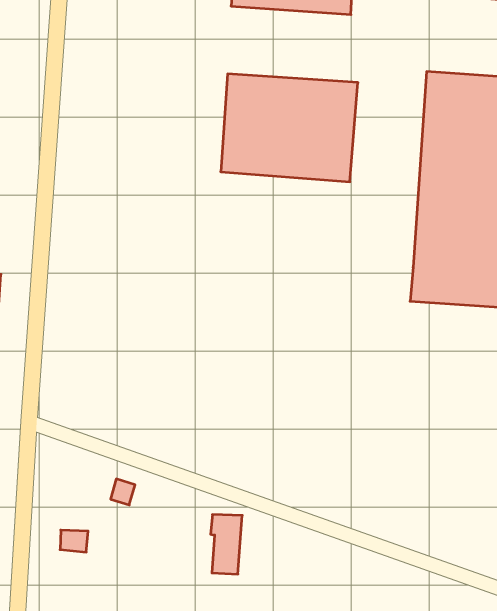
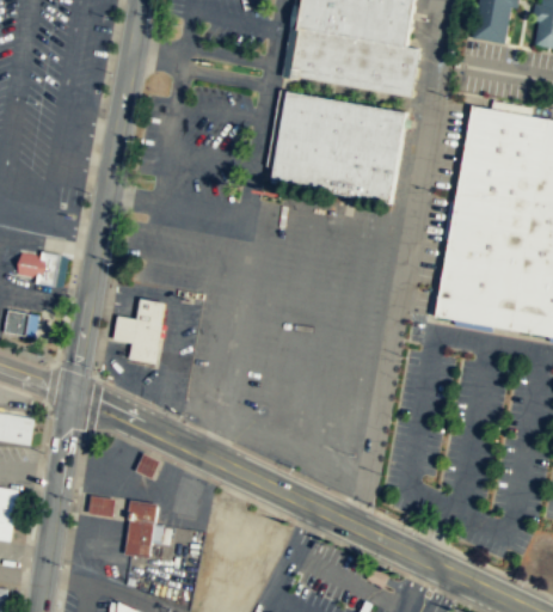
building: none -> [291,27,419,97]
building: none -> [112,296,164,362]
building: [211,515,242,574] -> [124,498,158,556]

